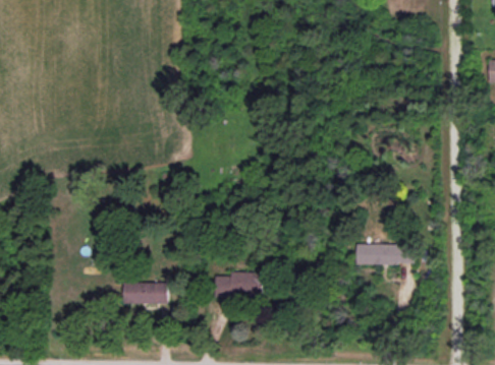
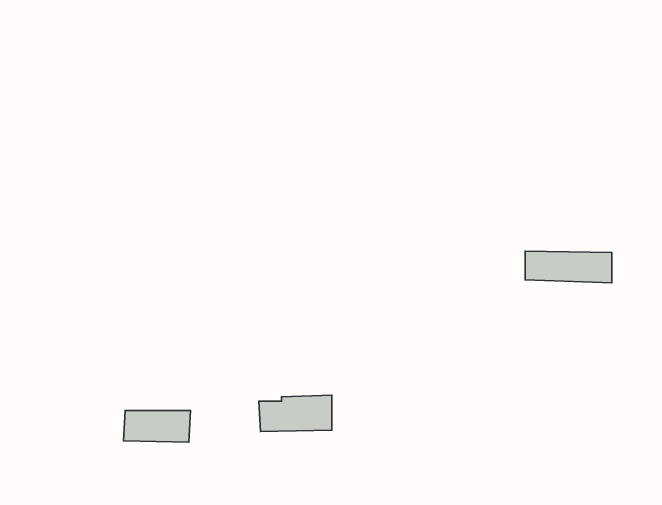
building: [355,244,414,265] -> [525,251,612,283]

